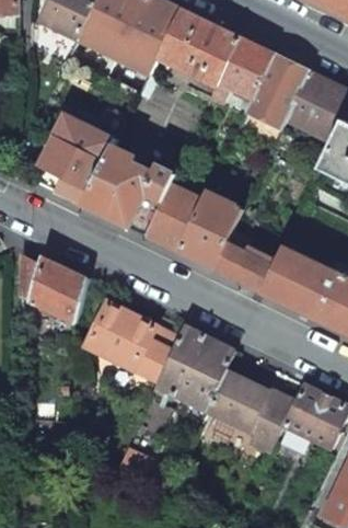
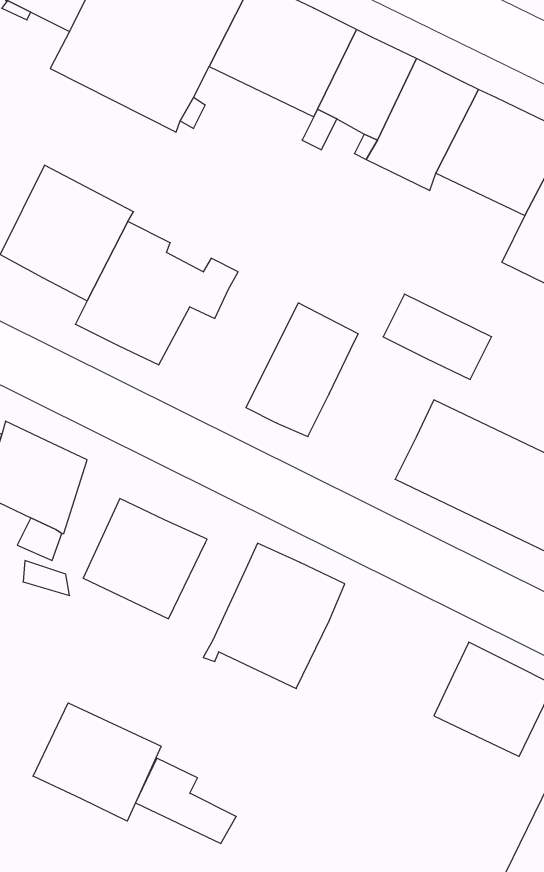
building: [142,184,201,251] -> none
building: [211,243,272,291] -> [383,294,492,379]
building: [132,328,177,382] -> none
building: [205,371,293,450] -> none
building: none -> [33,703,161,821]

